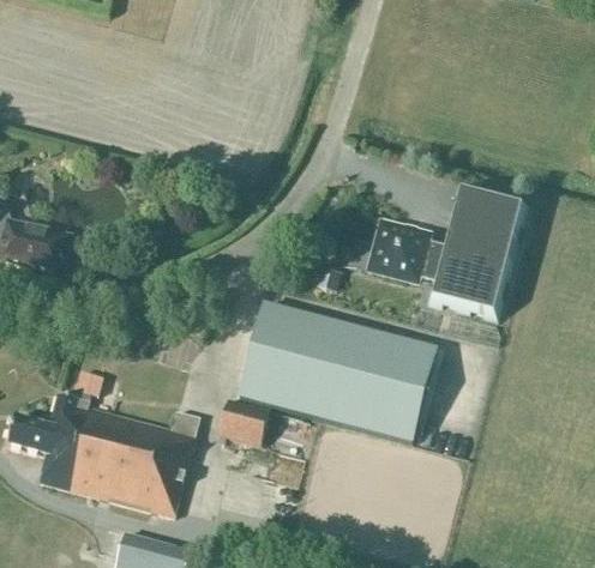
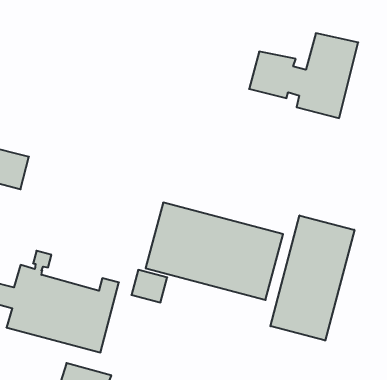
building: [363,192,521,314] -> [249,33,358,118]
building: none -> [270,215,354,341]

